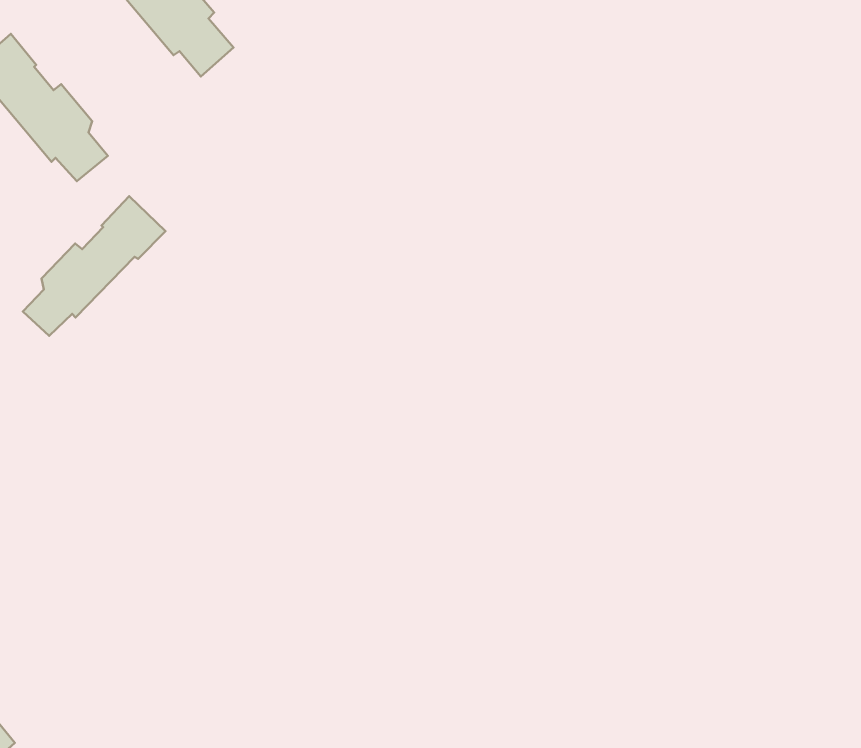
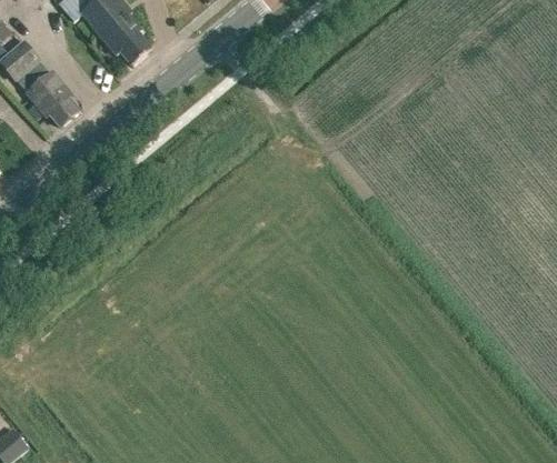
building: [23,196,165,336] -> none

